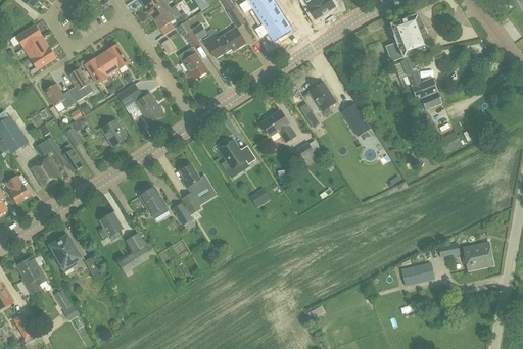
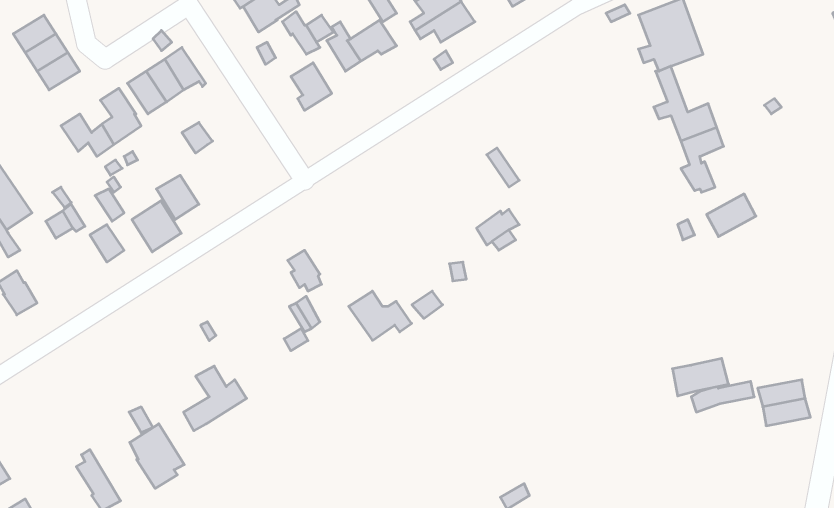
building: [311,81,335,110] -> none
building: [136,93,162,122] -> none
building: [341,103,370,136] -> none
building: [260,110,295,142] -> none
building: [218,139,255,168] -> [349,291,412,340]
building: [31,156,60,187] -> [132,201,181,252]
building: [140,187,168,217] -> none
building: [97,212,123,240] -> none
building: [49,233,82,271] -> [130,424,184,488]
building: [15,256,47,295] -> none
building: [401,262,435,285] -> [672,358,729,396]

